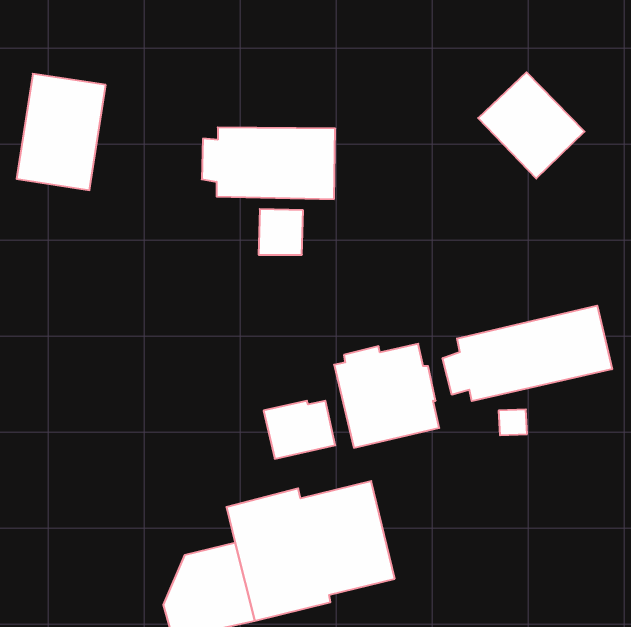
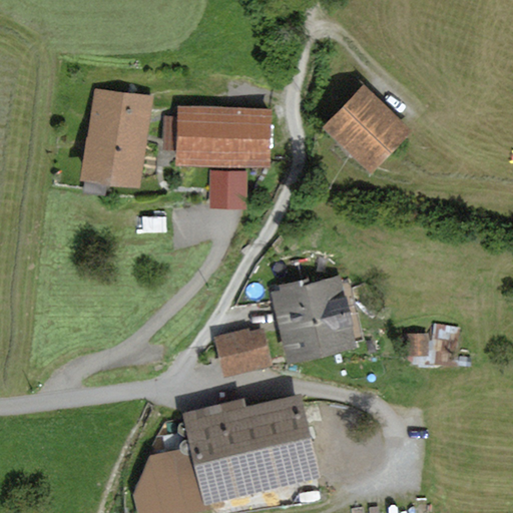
building: [478,72,585,179] -> [325,85,411,171]
building: [17,74,106,190] -> [80,90,152,184]
building: [443,306,612,401] -> none

